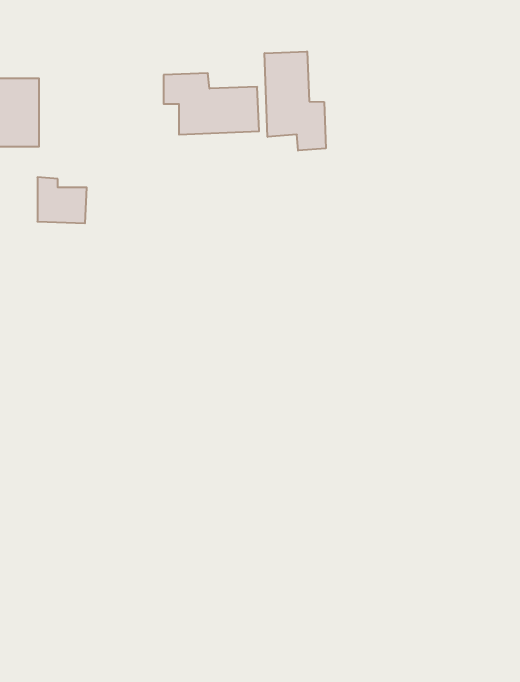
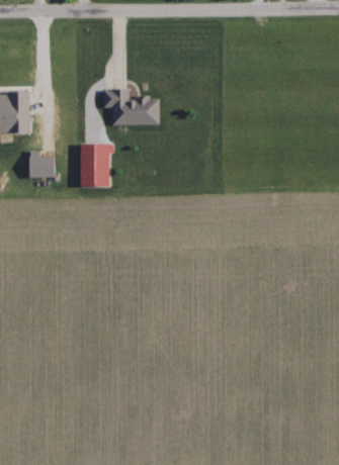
building: [265,51,326,151] -> none
building: none -> [79,144,114,187]

